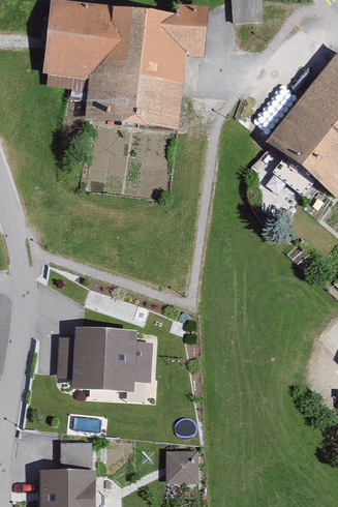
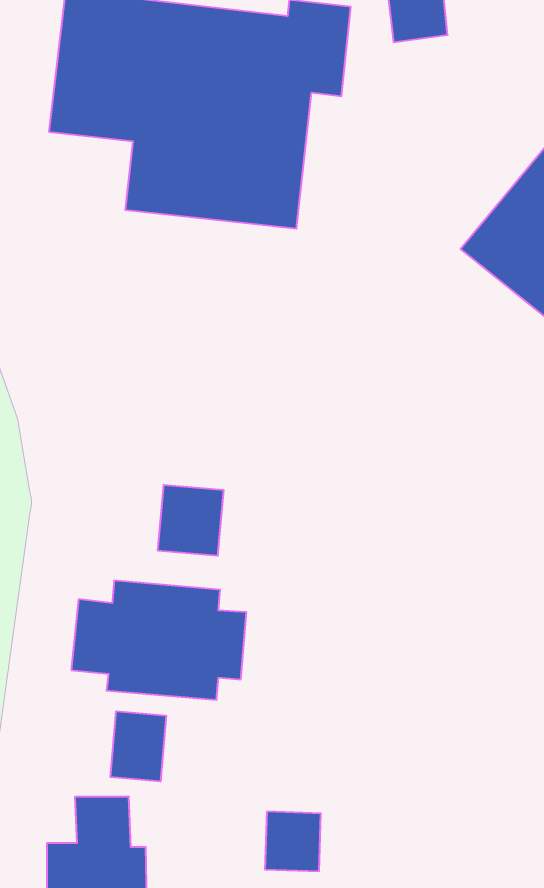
building: none -> [158,485,223,556]
building: none -> [110,711,166,782]

